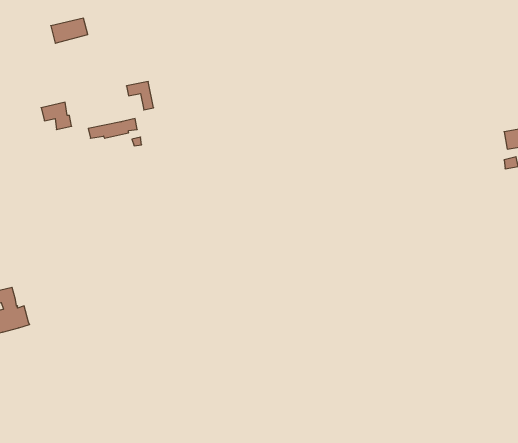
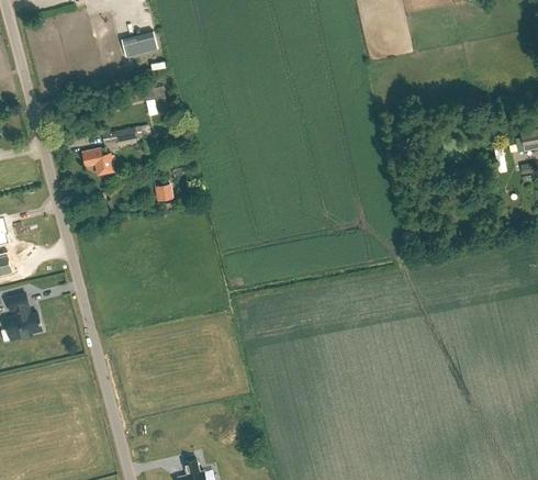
building: [51,18,88,43] -> [120,31,157,56]
building: [41,102,72,130] -> [82,146,113,174]

